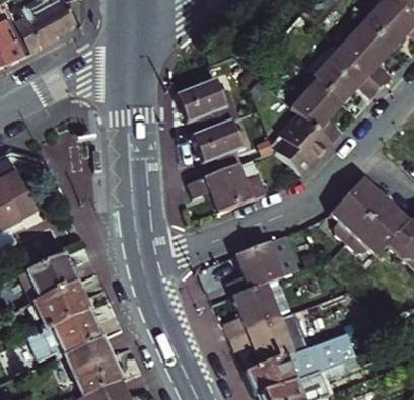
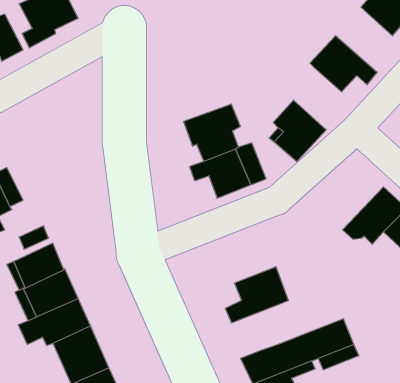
building: [340,20,397,85] -> none
building: [294,80,346,142] -> none
building: [177,81,236,134] -> none
building: [330,176,388,241] -> none
building: [233,233,302,294] -> none
building: [236,311,306,361] -> none

